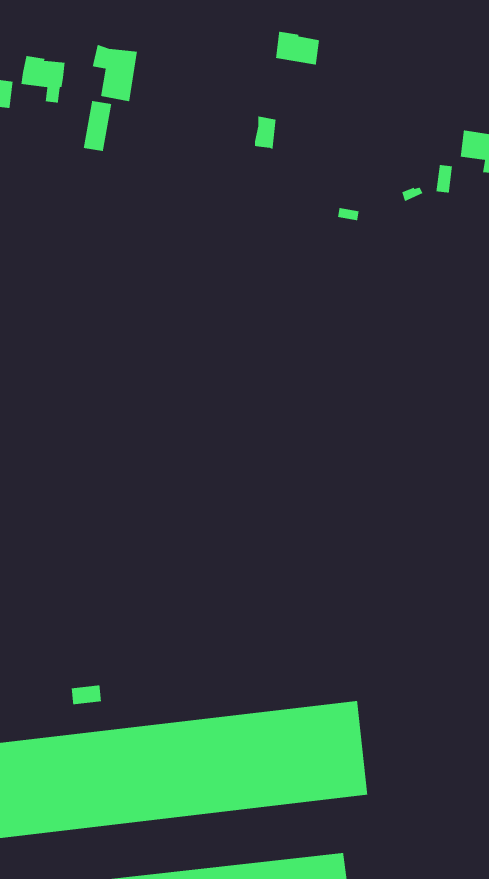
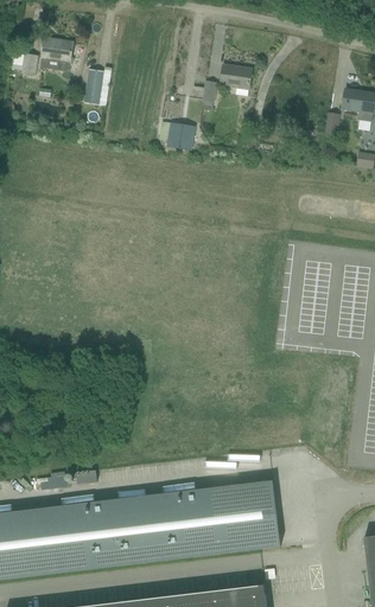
building: [275,31,320,65] -> [221,64,252,88]
building: [92,44,138,102] -> none
building: none -> [167,122,195,148]

